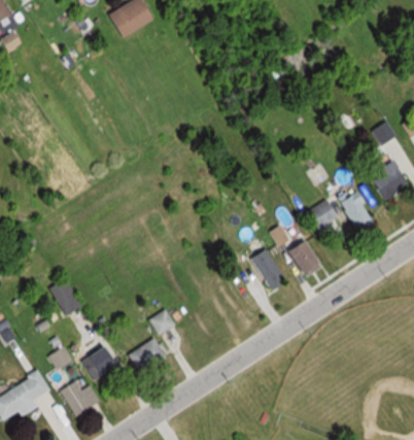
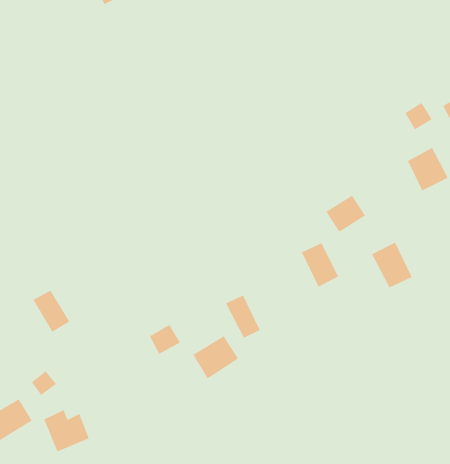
building: [335,189,370,228] -> [371,242,412,288]
building: [248,248,278,285] -> [225,295,260,339]
building: [131,338,170,375] -> [193,335,239,379]
building: [82,345,124,380] -> none

